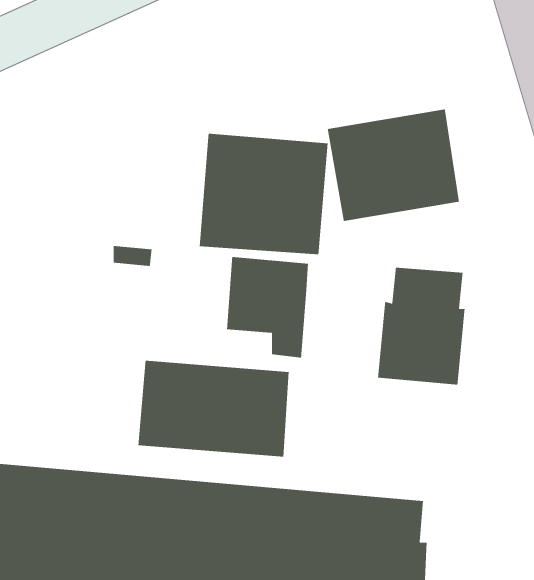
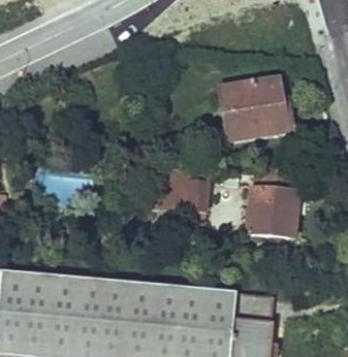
building: [199,133,328,255] -> none
building: [137,360,289,457] -> none

